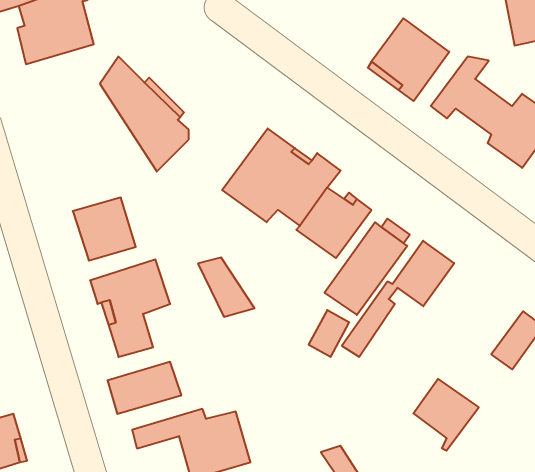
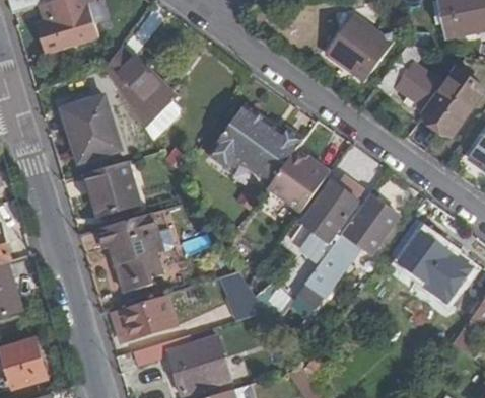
building: none -> [61,97,119,163]
building: [198,257,255,317] -> [219,272,266,321]
building: [413,379,479,451] -> [401,233,455,292]

